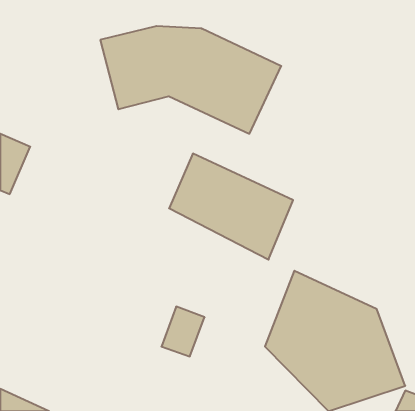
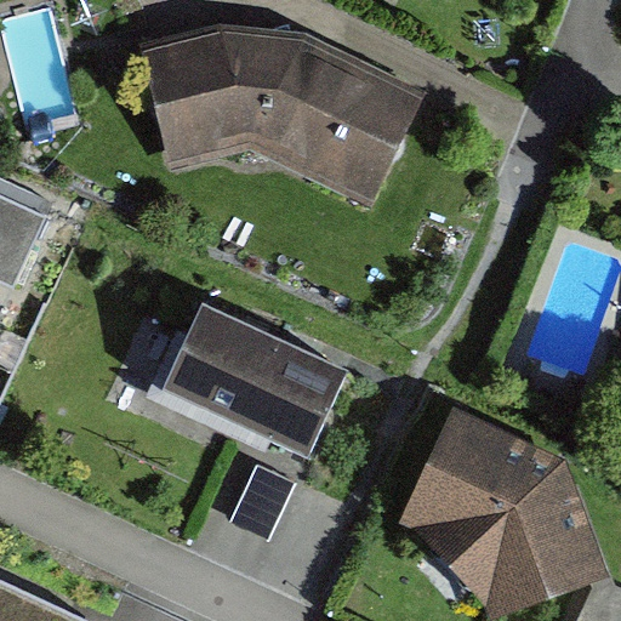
building: [169,154,293,260] -> [150,300,335,457]

